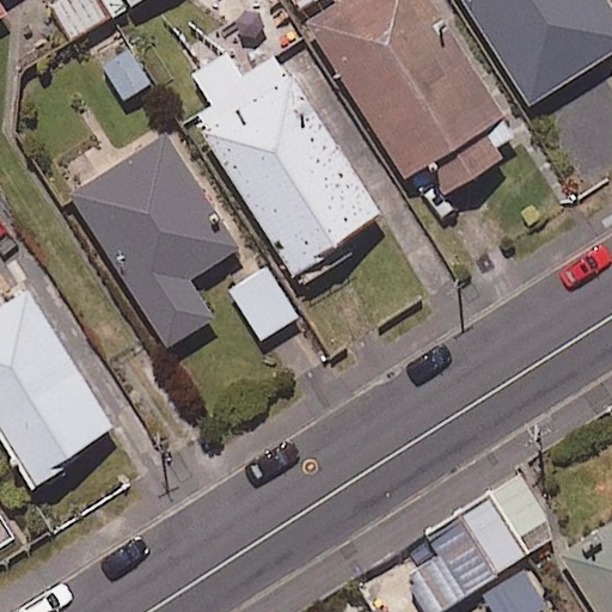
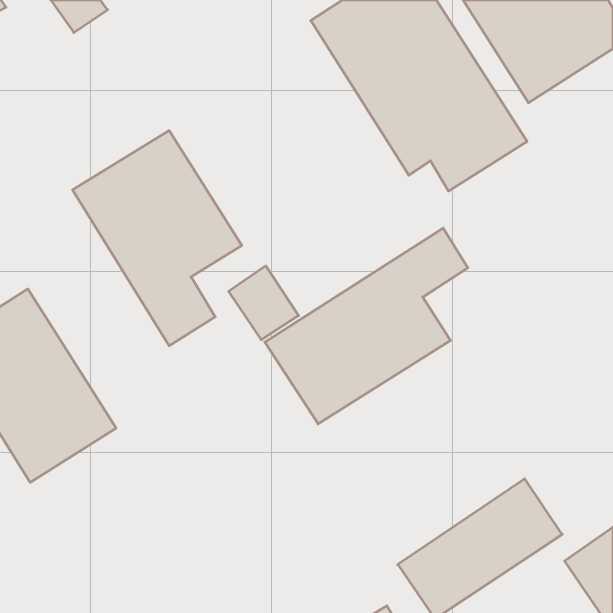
building: [190,53,381,270] -> none
building: none -> [265,228,468,424]

